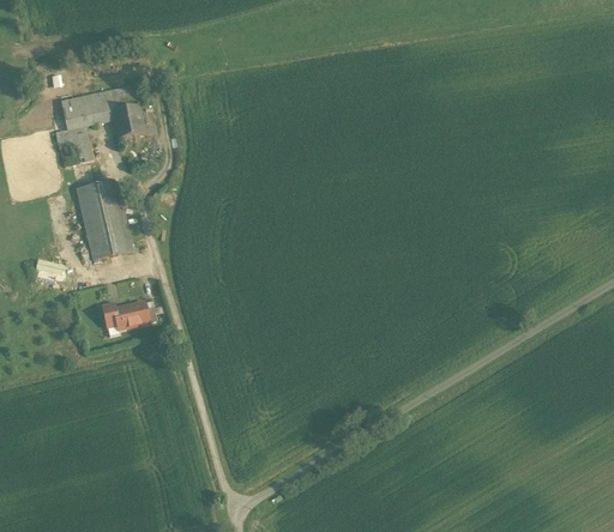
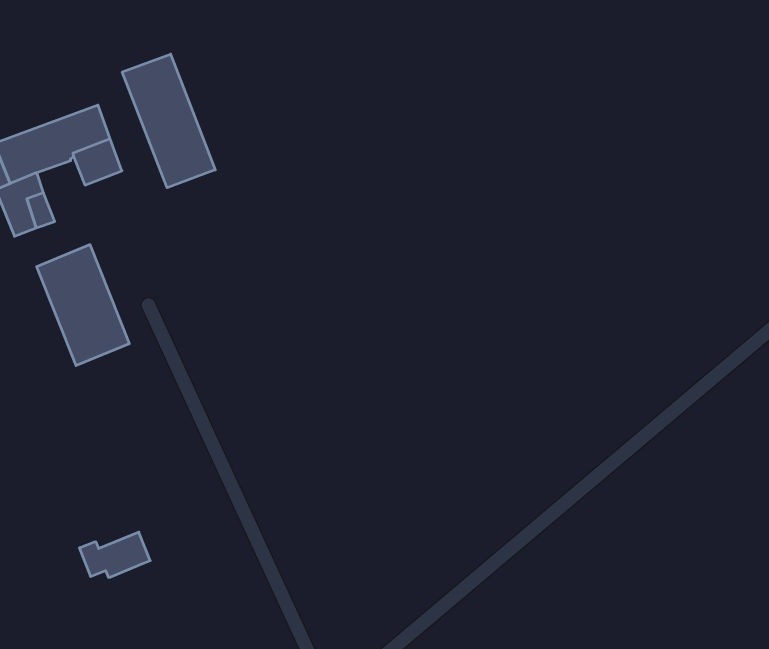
building: none -> [122,54,215,188]
building: [102,301,149,328] -> [79,532,150,577]

